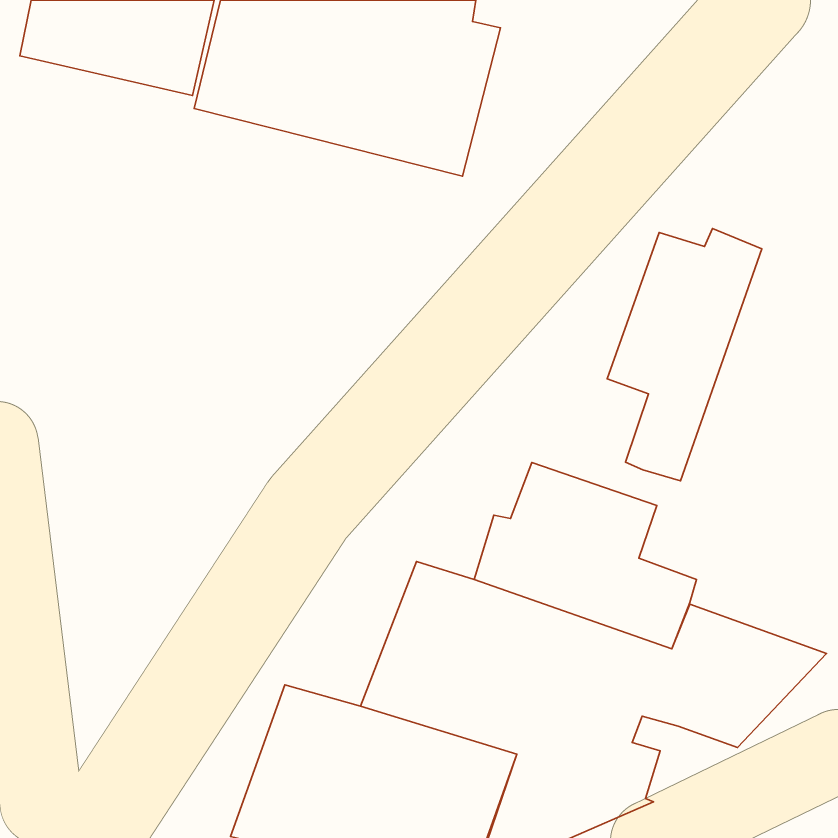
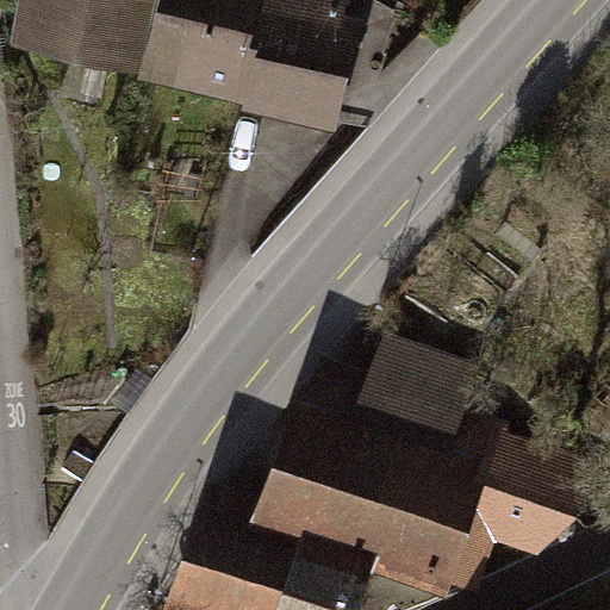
building: [607,229,762,481] -> none

